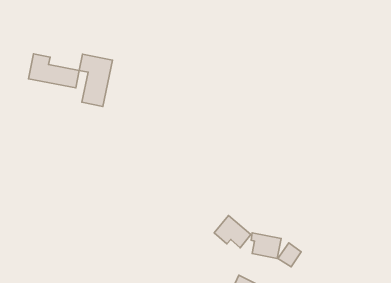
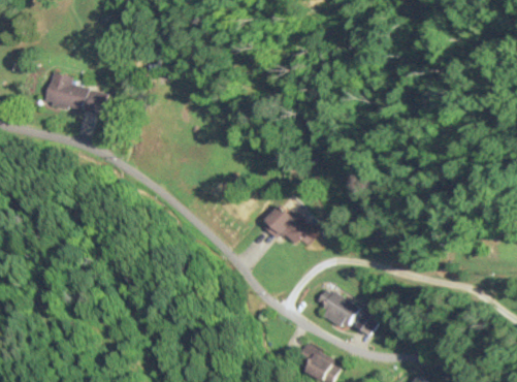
building: [79,54,113,107] -> none
building: [214,215,251,248] -> [262,202,308,243]

